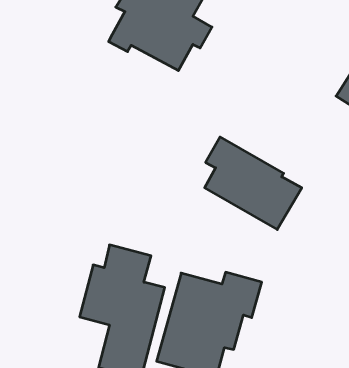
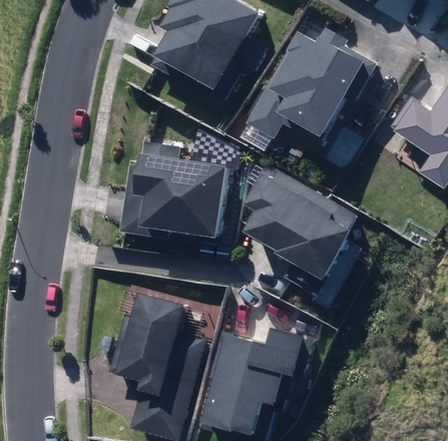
building: none -> [247,28,375,143]
building: none -> [121,143,230,239]

